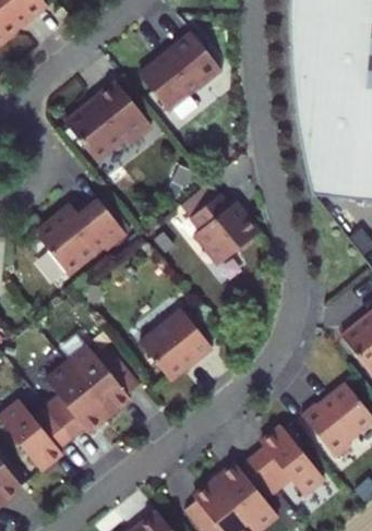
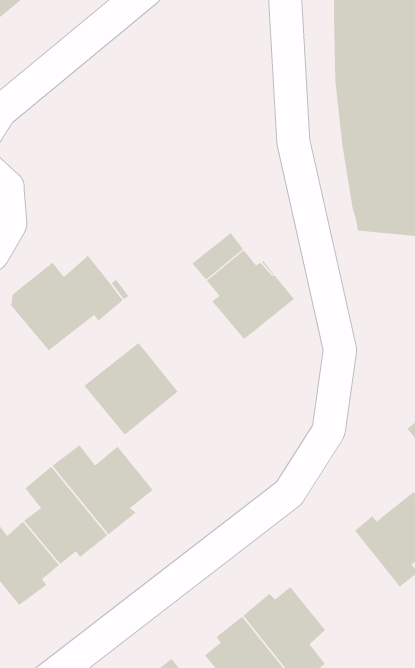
building: [141,32,224,110] -> none
building: [64,80,152,160] -> none
building: [144,306,217,378] -> [84,342,178,435]
building: [251,424,325,495] -> none

